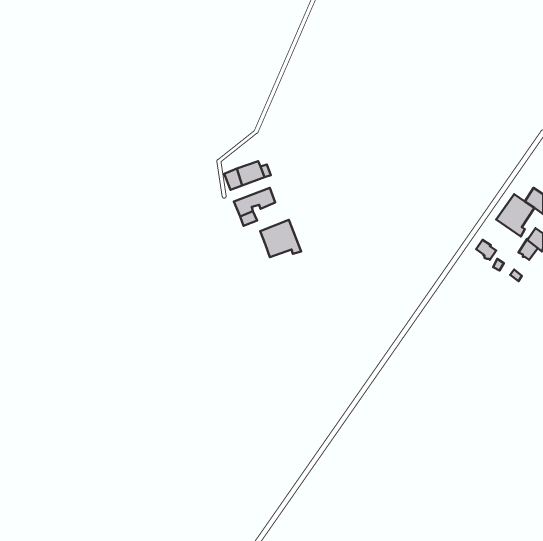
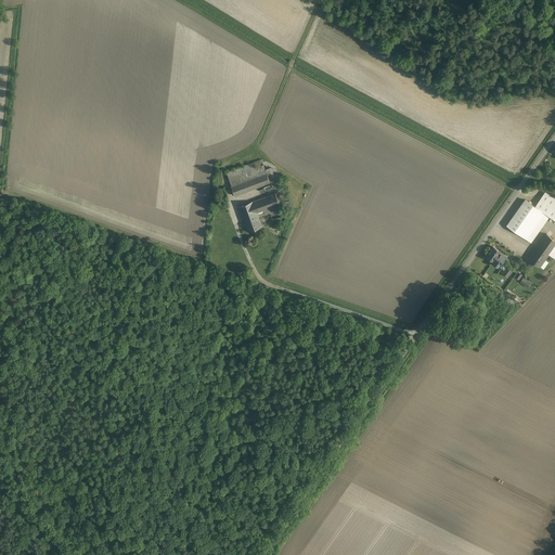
building: [260,220,301,257] -> none

